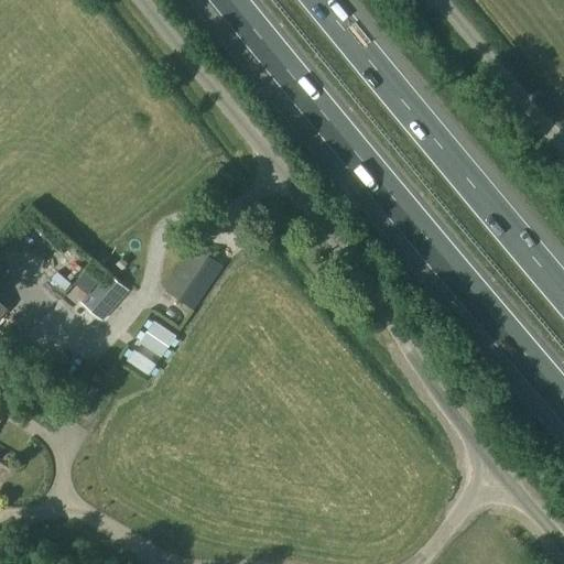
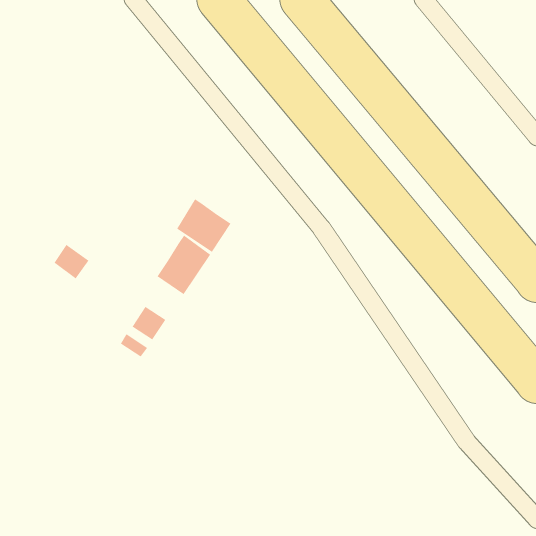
building: none -> [176,198,231,253]
building: [82,272,128,319] -> none

